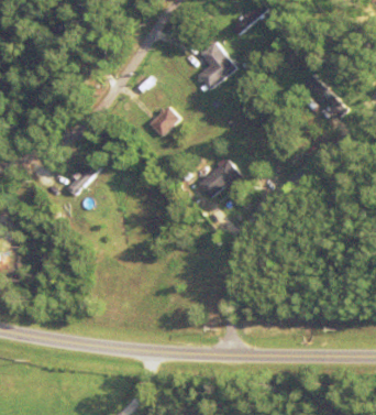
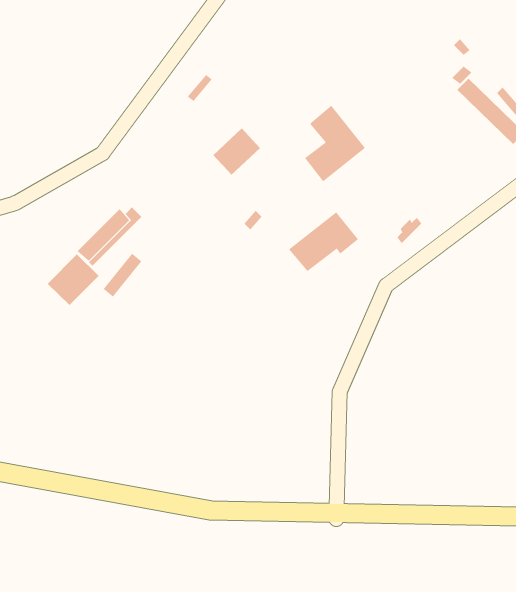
building: [196,42,235,91] -> [304,105,366,182]
building: none -> [47,254,100,306]

